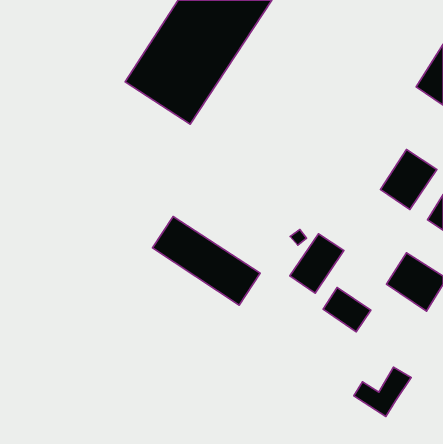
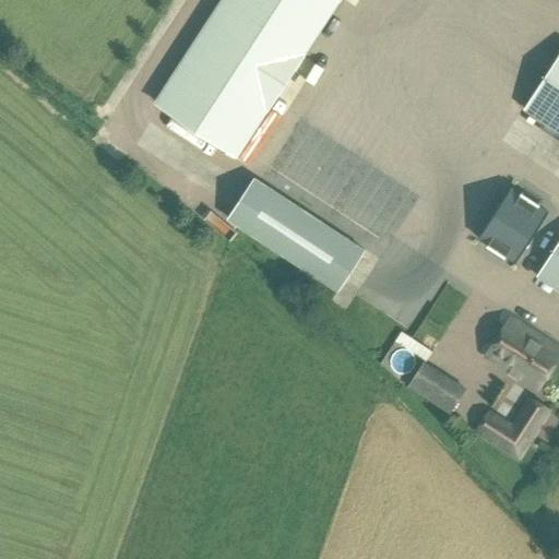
building: [152,217,260,305] -> [227,179,362,290]
building: [290,234,344,293] -> none
building: [354,367,411,417] -> [477,397,549,460]

